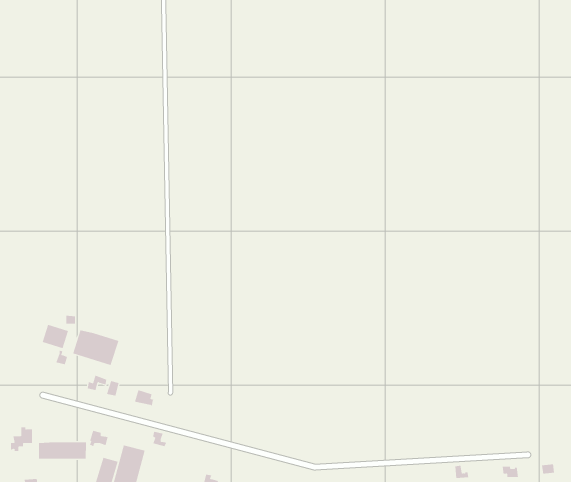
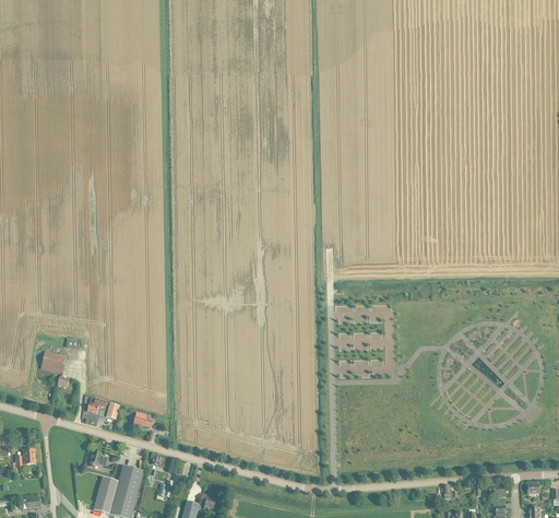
building: [72,330,119,366] -> none
building: [38,442,86,459] -> none

